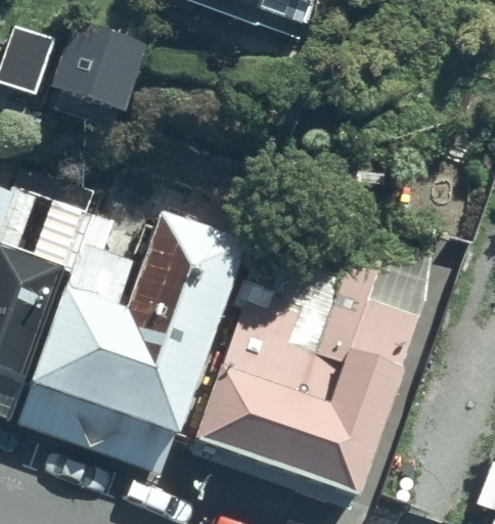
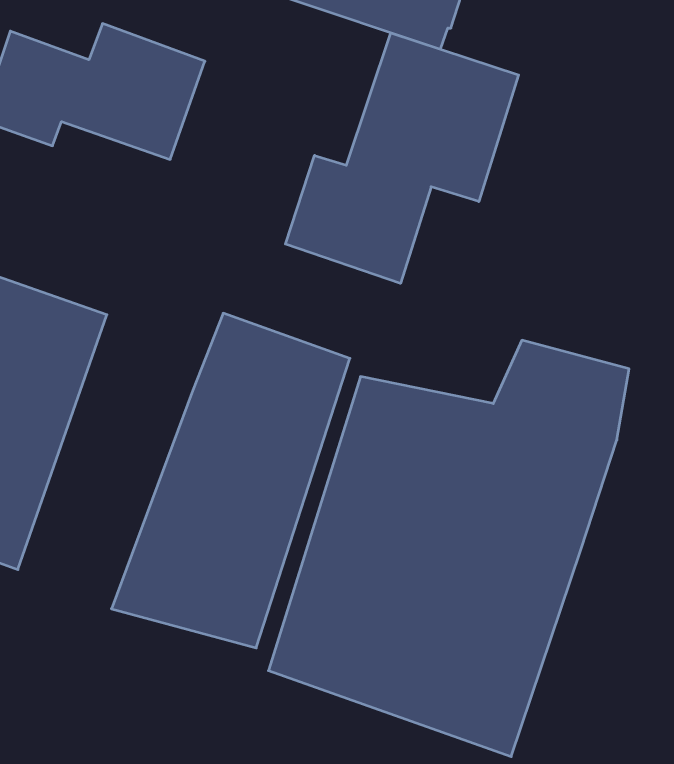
building: none -> [285,33,519,283]
building: [24,188,142,418] -> none

